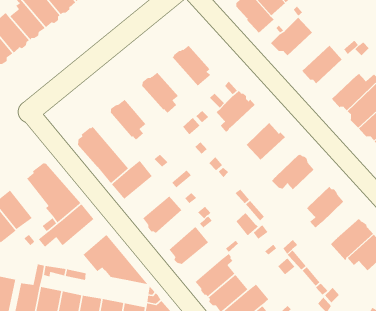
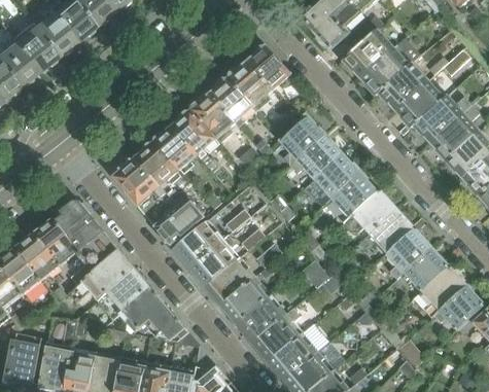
building: none -> [363,36,421,96]
building: none -> [246,44,291,91]
building: none -> [209,76,257,122]
building: none -> [397,79,445,128]
building: none -> [171,109,221,176]
building: none -> [290,133,342,180]
building: none -> [133,141,188,208]
building: none -> [331,171,376,217]
building: none -> [357,209,413,253]
building: none -> [35,218,79,266]
building: none -> [173,219,223,266]
building: none -> [392,247,448,290]
building: none -> [207,257,254,304]
building: none -> [97,268,149,318]
building: none -> [238,295,286,342]

